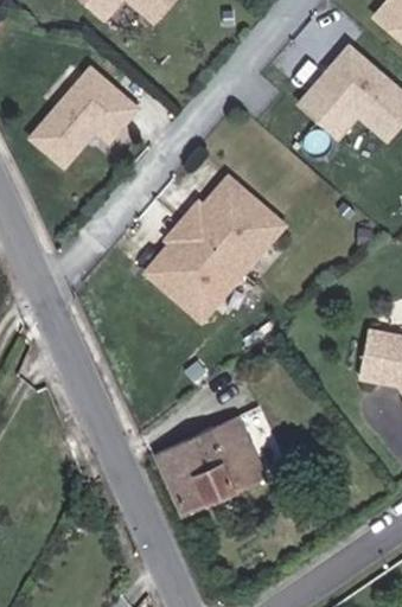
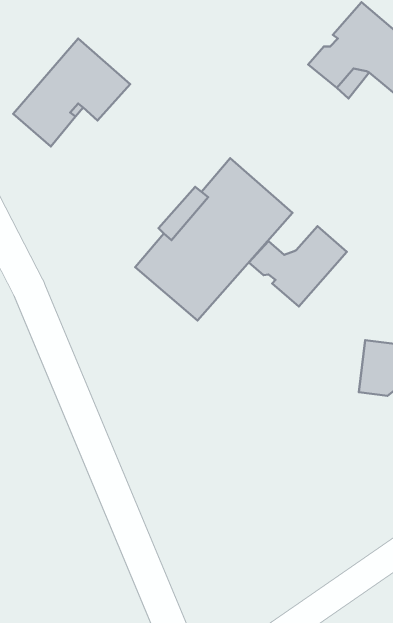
building: none -> [249,226,347,306]
building: [158,405,267,506] -> none

